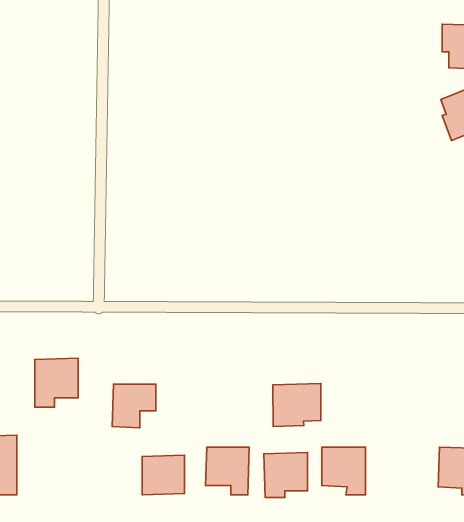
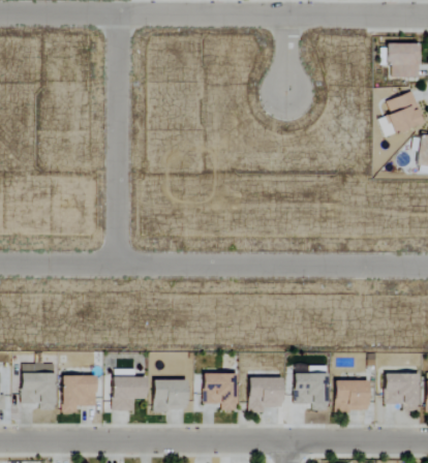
building: [35,358,78,407] -> [63,375,97,413]
building: [273,383,321,426] -> none
building: [112,384,156,428] -> [113,377,147,411]
building: none -> [336,380,370,410]

